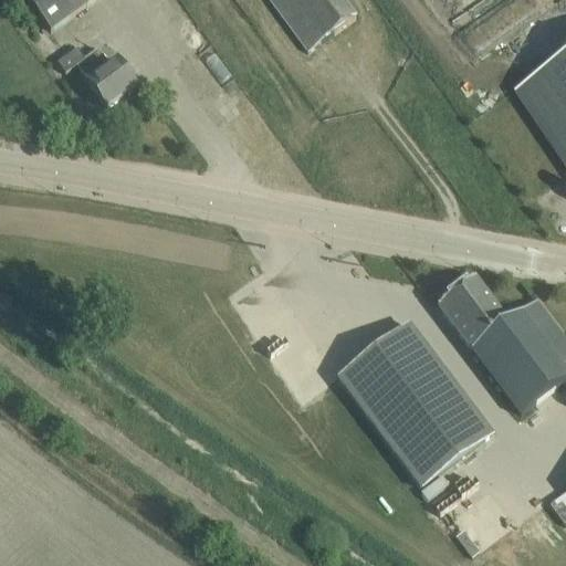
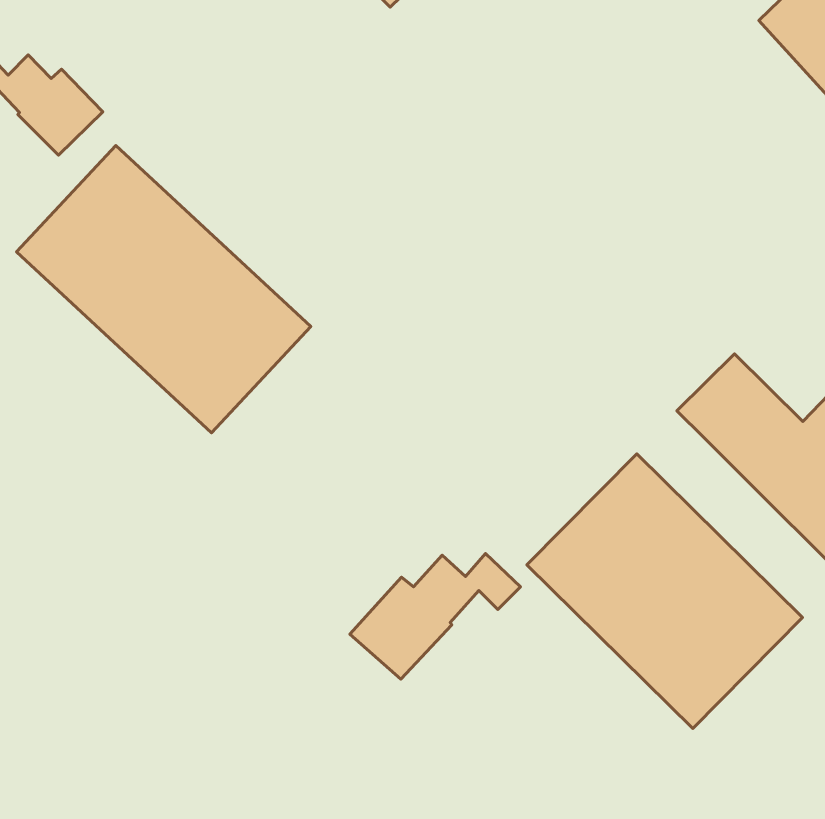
building: none -> [17,145,311,433]
building: none -> [350,554,520,679]

